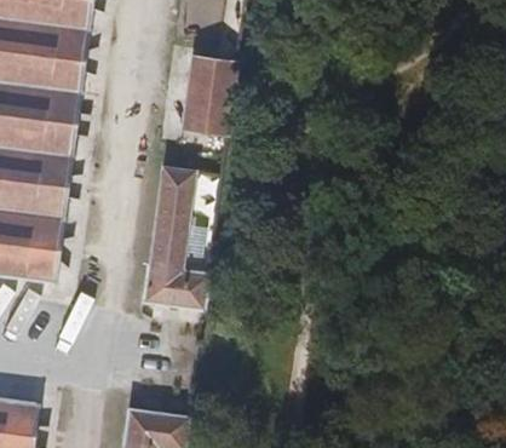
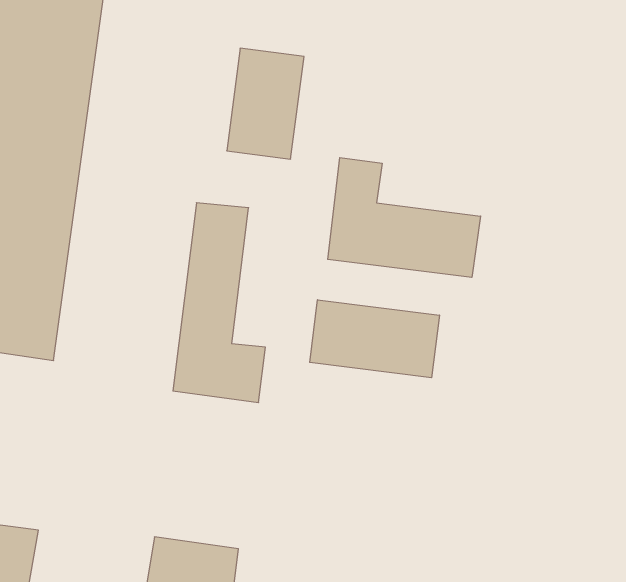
building: none -> [328,158,481,277]
building: none -> [310,300,439,378]

